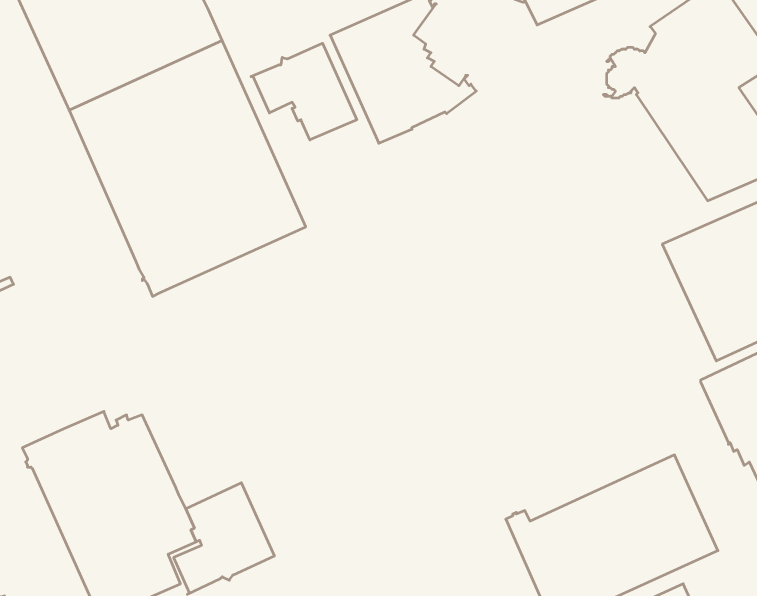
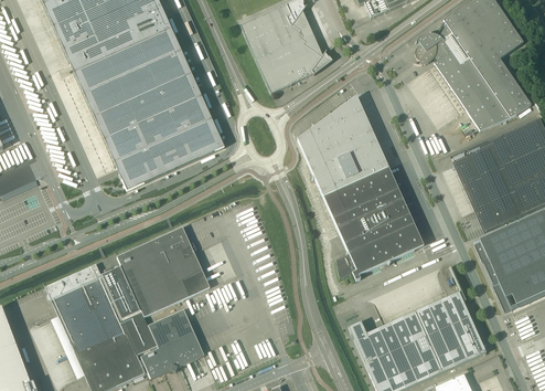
building: [251,43,357,140] -> none
building: none -> [297,101,414,281]
building: none -> [117,225,210,316]

